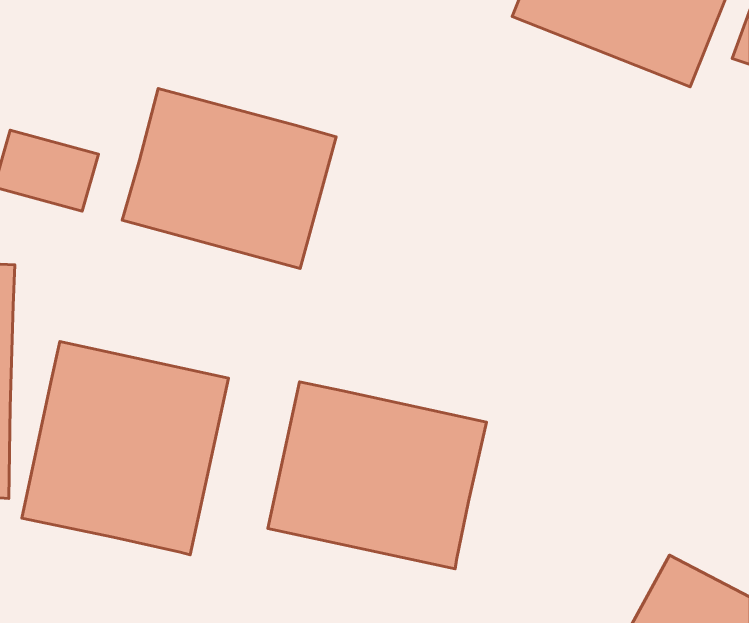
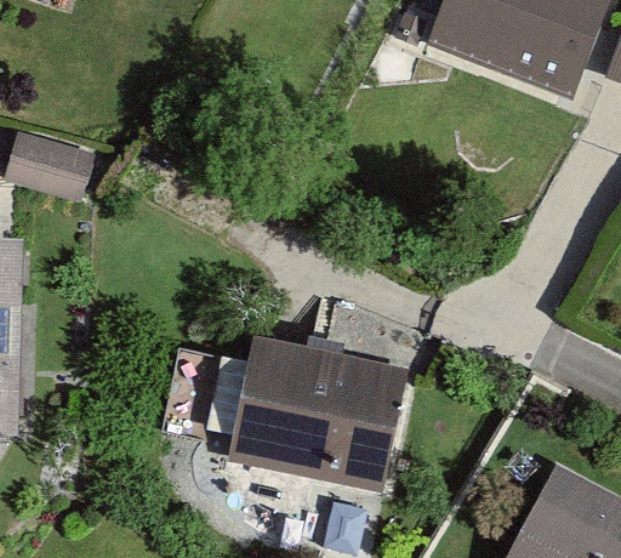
building: [122,88,336,268] -> none
building: [22,342,228,555] -> none

